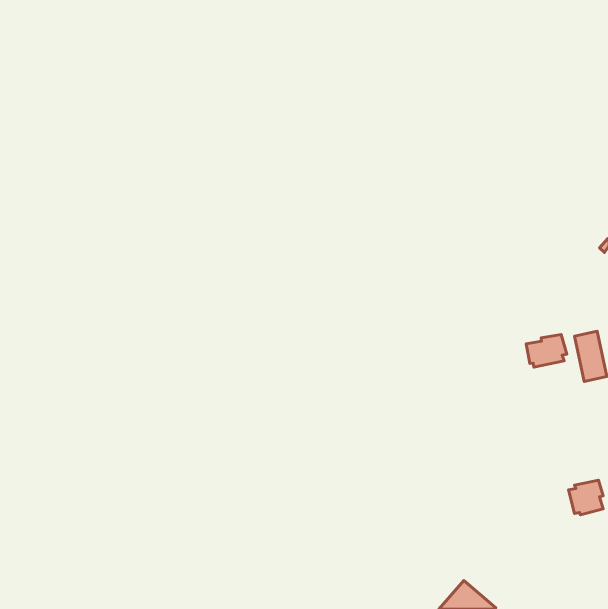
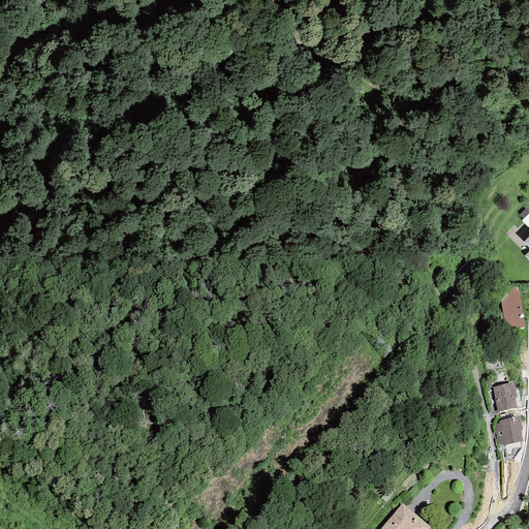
building: [526,334,567,367] -> none
building: none -> [493,381,519,412]

